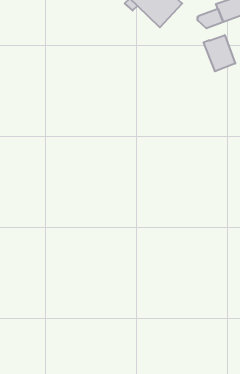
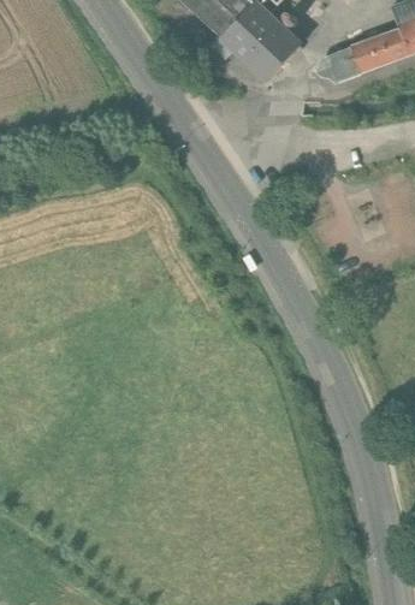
building: [204,35,235,71] -> none

